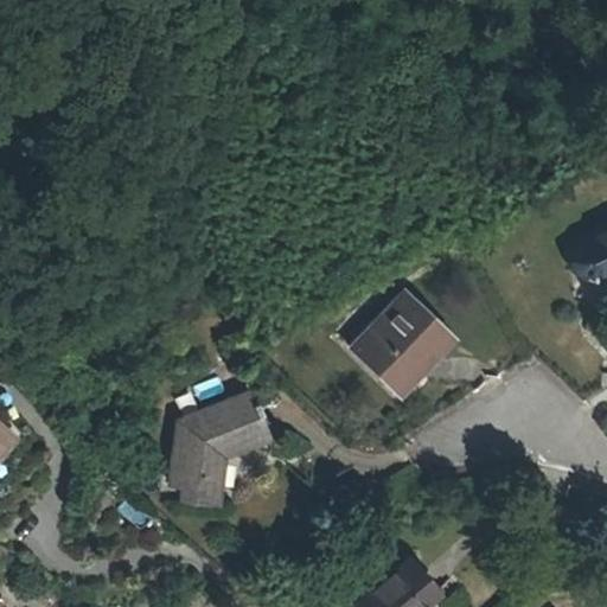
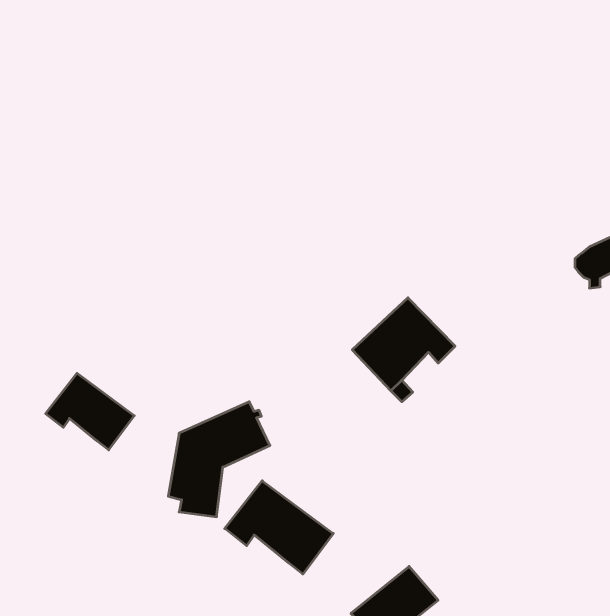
building: none -> [46,373,134,450]
building: none -> [225,481,333,574]

